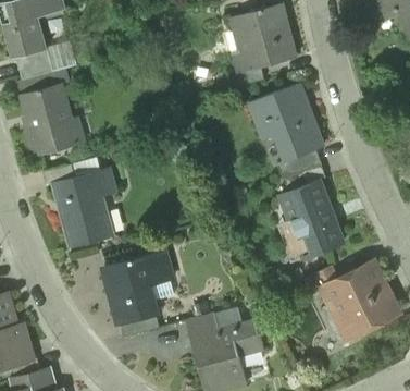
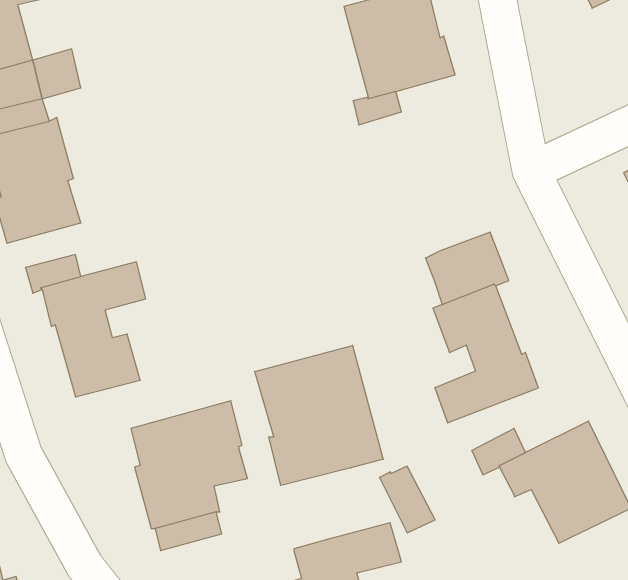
building: [250,84,324,161] -> none
building: none -> [255,345,383,485]
building: [324,302,357,341] -> [379,466,435,533]
building: [187,313,221,341] -> none

